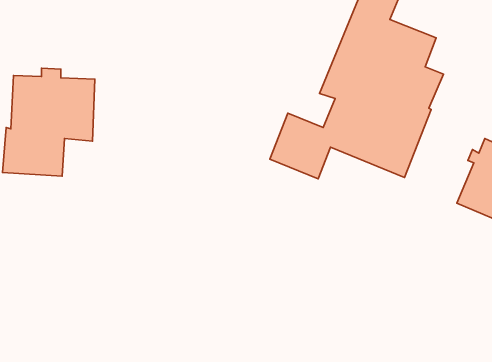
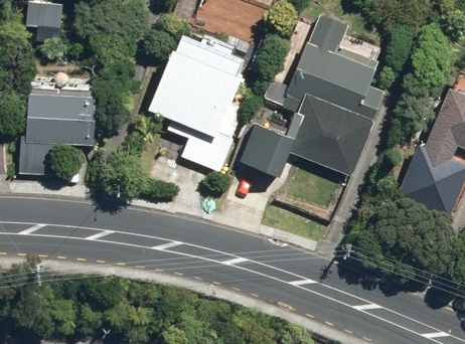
building: none -> [148,49,242,171]

